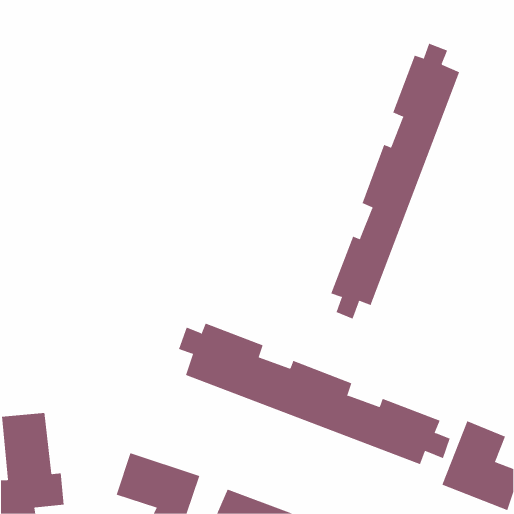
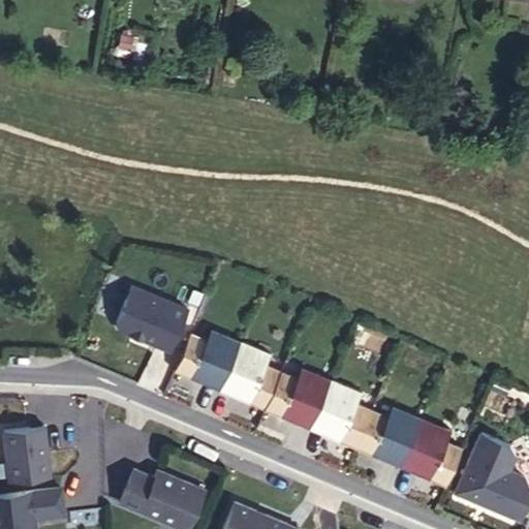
building: [331,43,460,320] -> none
building: none -> [114,285,190,355]

